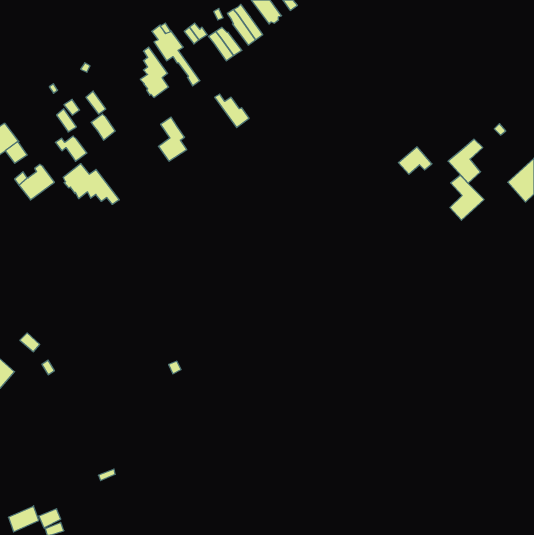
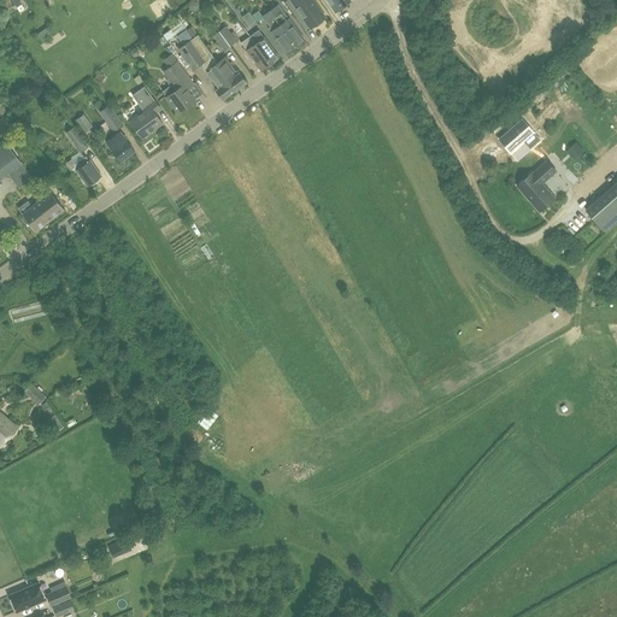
building: [215,94,249,128] -> [205,54,245,93]
building: [158,117,187,161] -> [129,87,161,137]
building: [398,147,432,174] -> [501,119,540,151]
building: [63,164,119,204] -> none
building: [450,175,484,220] -> none

